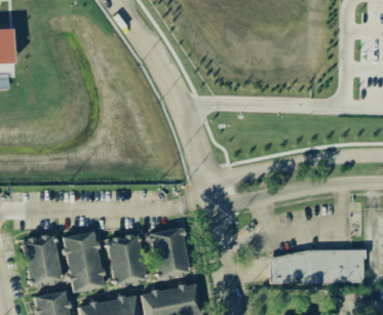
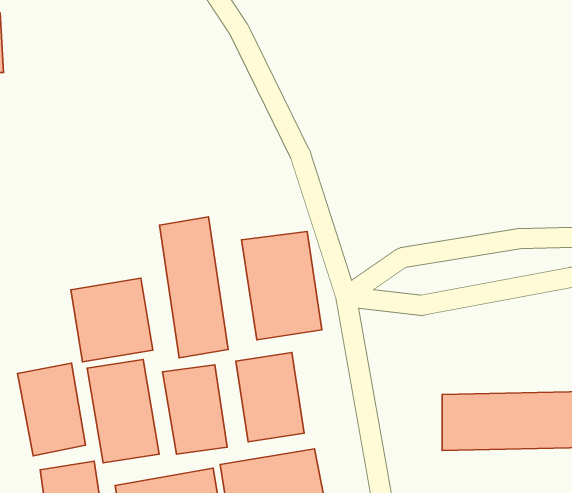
building: none -> [160,217,228,358]
building: none -> [242,232,322,340]
building: none -> [71,278,153,362]

